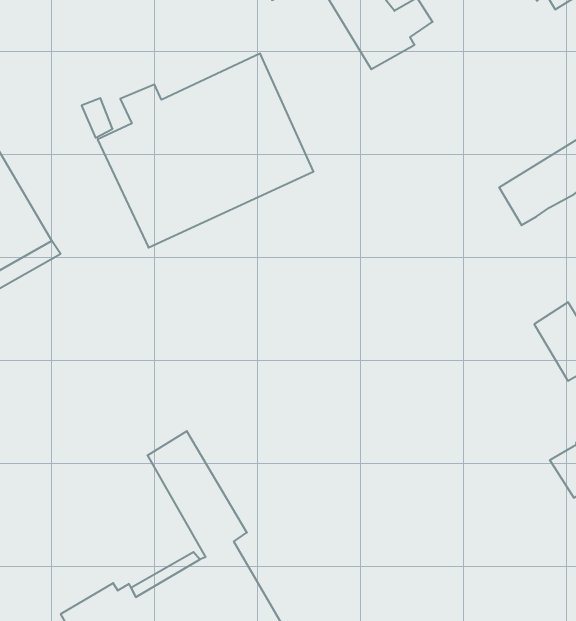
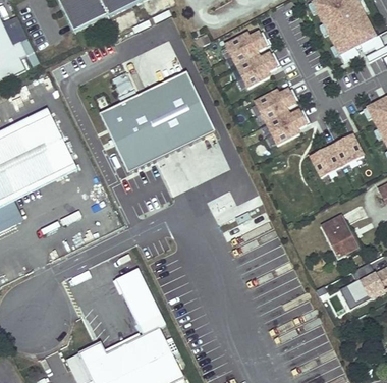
building: none -> [255,87,310,144]

